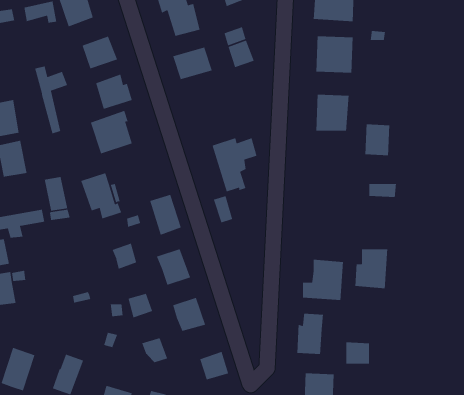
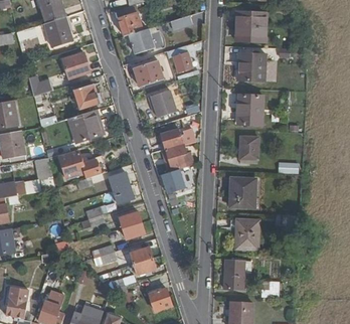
building: none -> [147,90,175,118]
building: [365,124,390,156] -> [238,137,257,161]
building: [354,248,388,289] -> [229,178,254,208]

